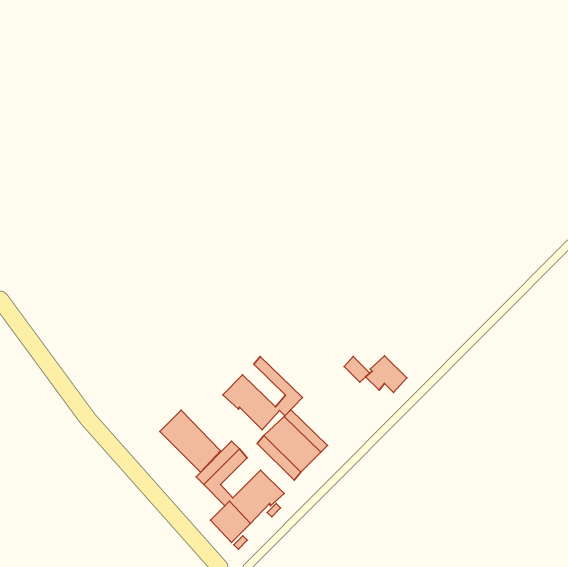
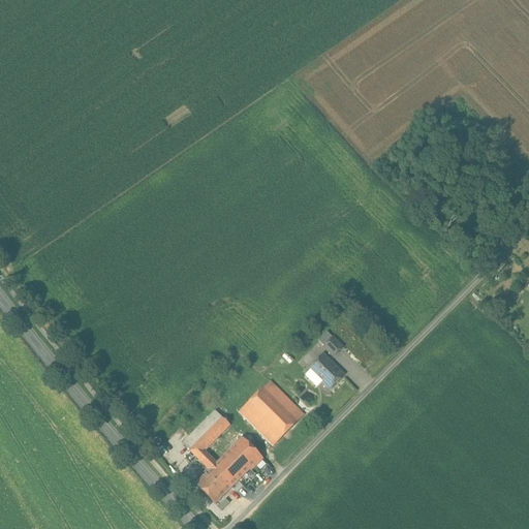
building: [366,356,407,392] -> [306,353,344,387]
building: [223,356,302,430] -> none
building: [160,410,221,472] -> none

